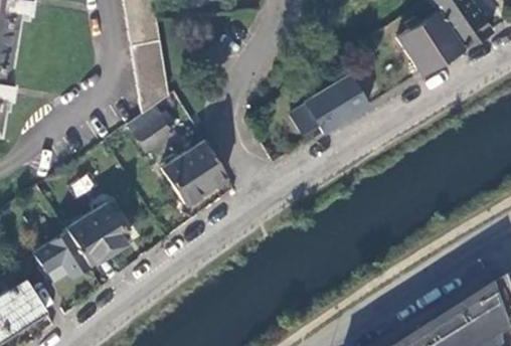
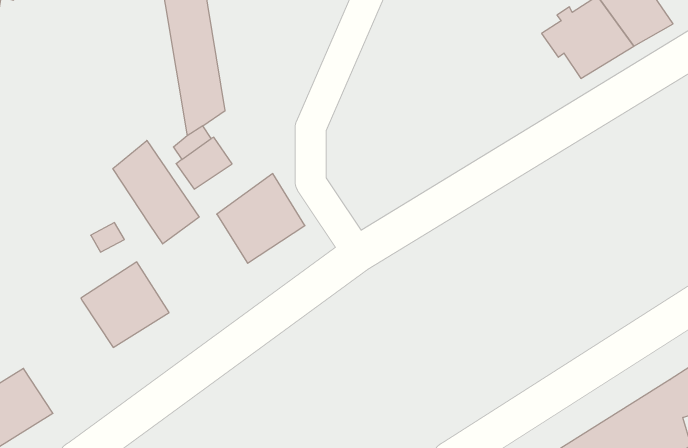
building: [306,73,369,133] -> none
building: none -> [113,140,199,244]
building: [34,231,89,277] -> none

